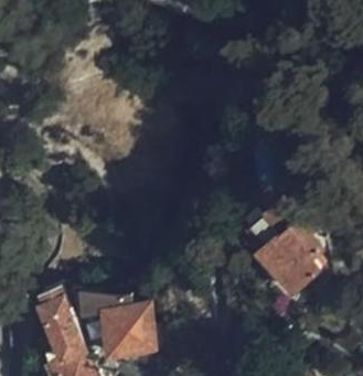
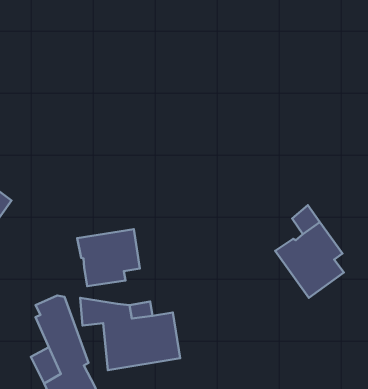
building: none -> [77,229,140,286]

